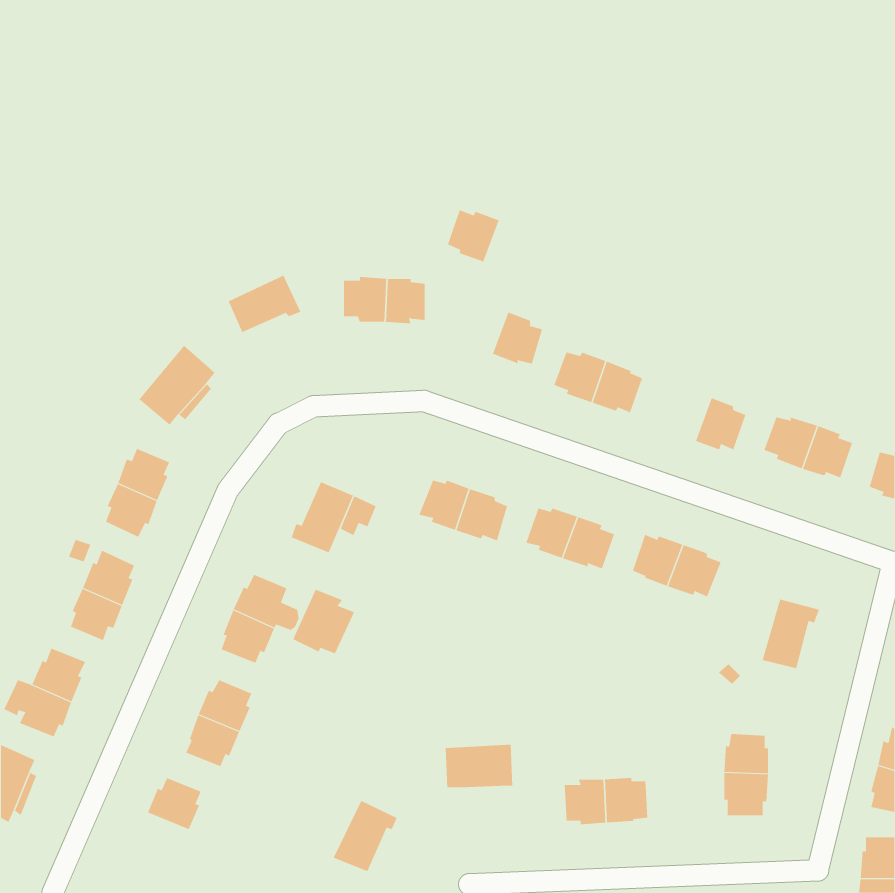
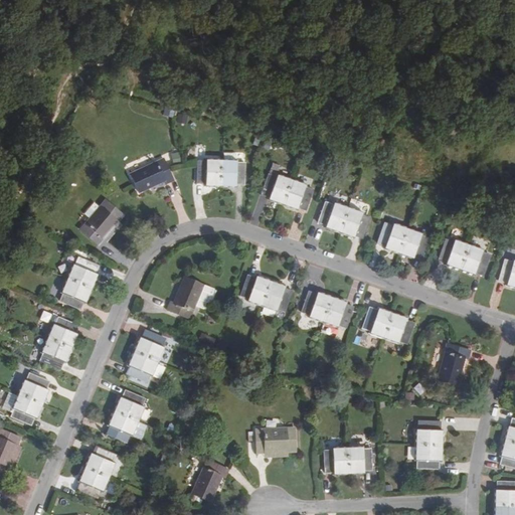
building: [447,210,500,262] -> [262,173,292,203]
building: none -> [377,223,408,253]
building: [292,589,355,654] -> none
building: none -> [77,467,109,497]

